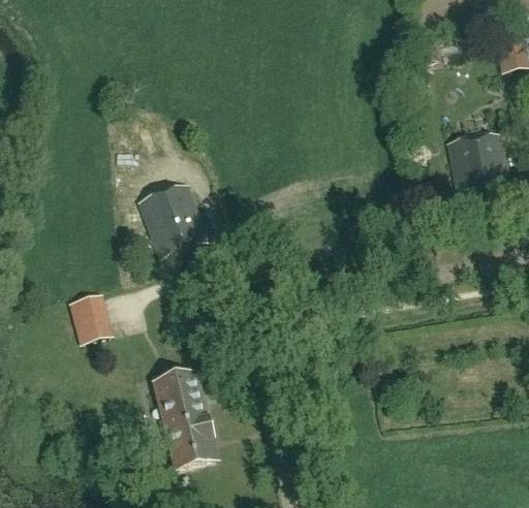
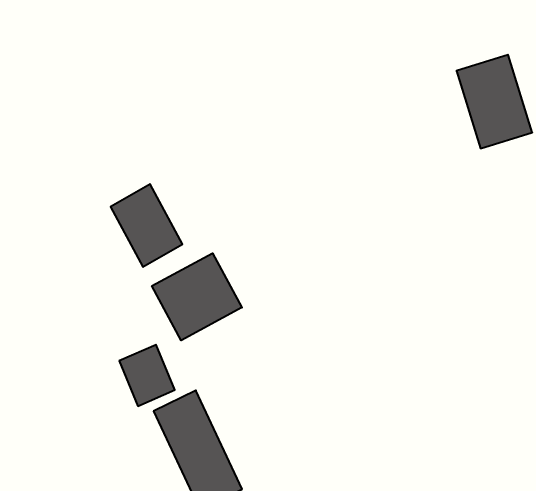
building: none -> [152,253,242,340]
building: [73,292,116,341] -> [119,345,175,406]

